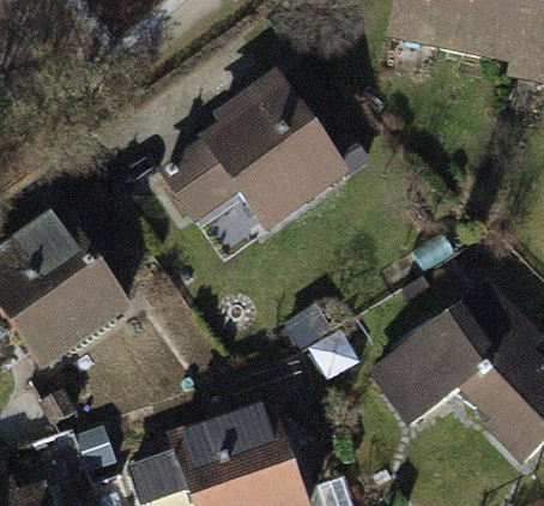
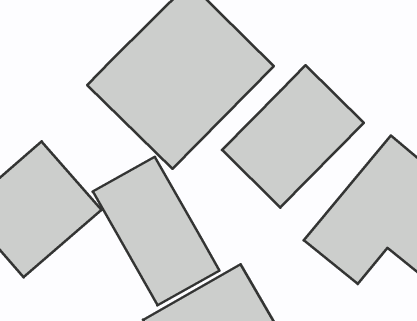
building: none -> [222,65,364,208]
building: none -> [93,157,219,305]

